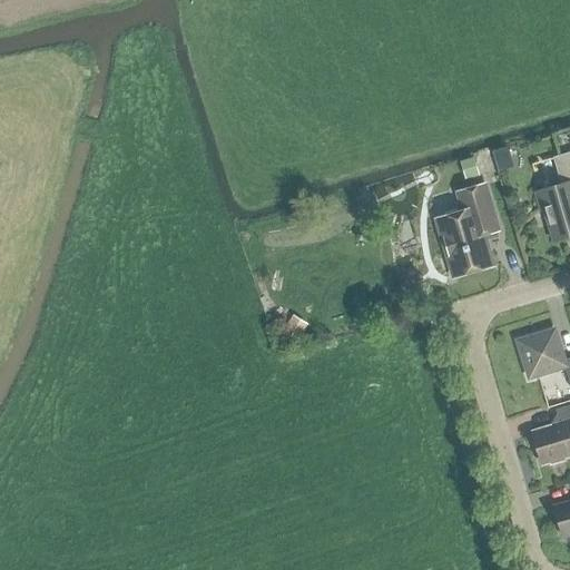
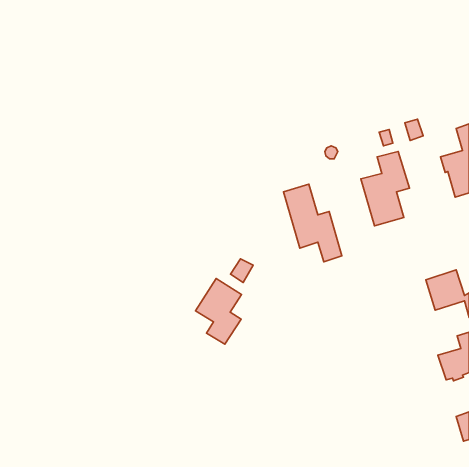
building: none -> [283,184,342,262]
building: none -> [195,278,241,344]

